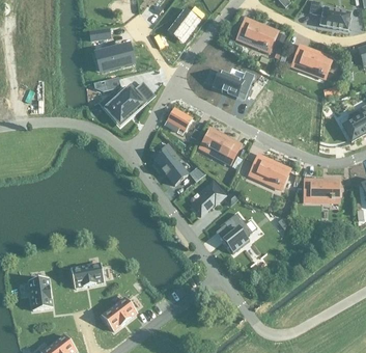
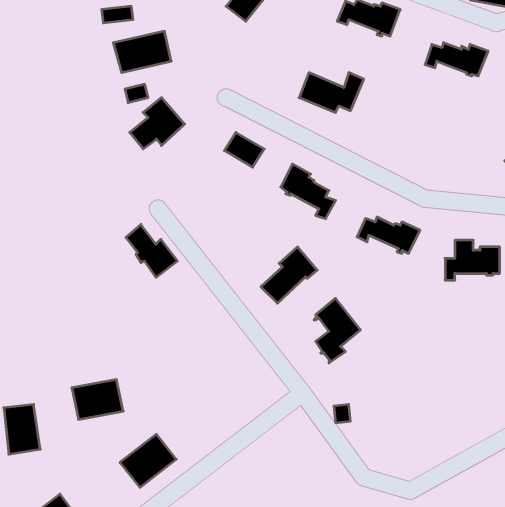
building: [156,151,188,184] -> [126,224,177,277]

